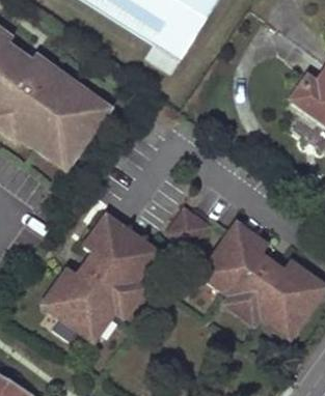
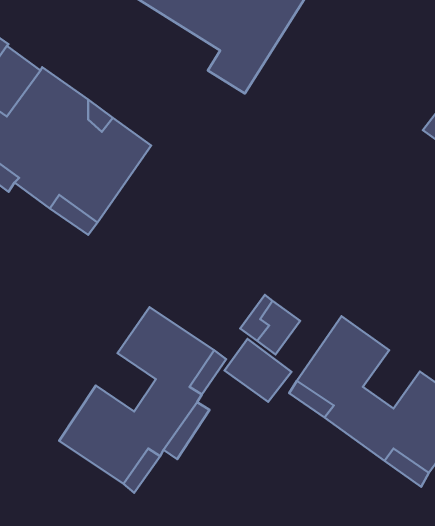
building: none -> [225,339,292,402]

